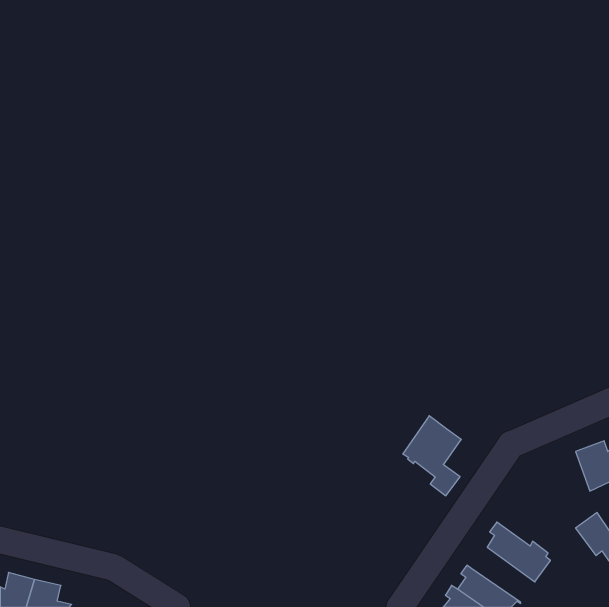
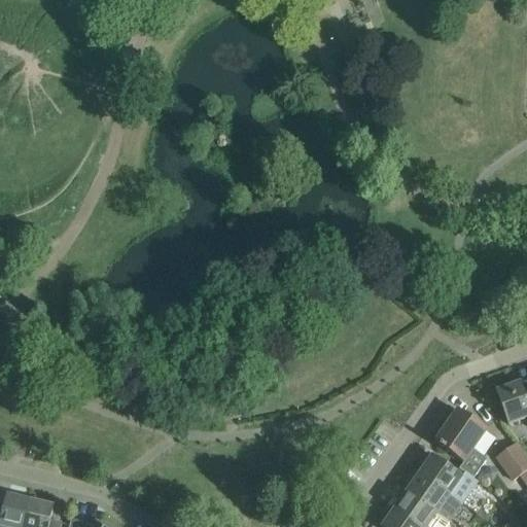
building: [403,416,461,496] -> [436,408,487,477]
building: none -> [408,468,462,519]

